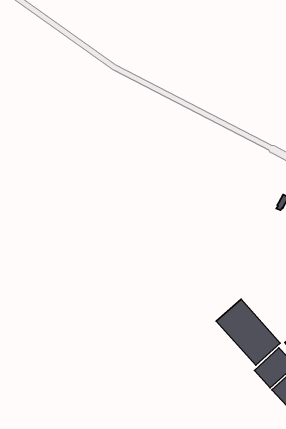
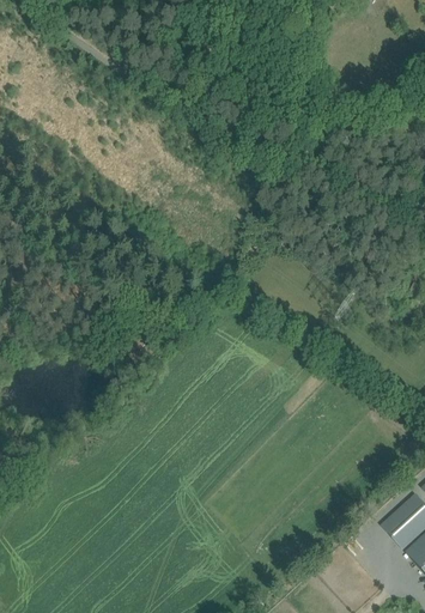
building: [216,299,280,365] -> none

